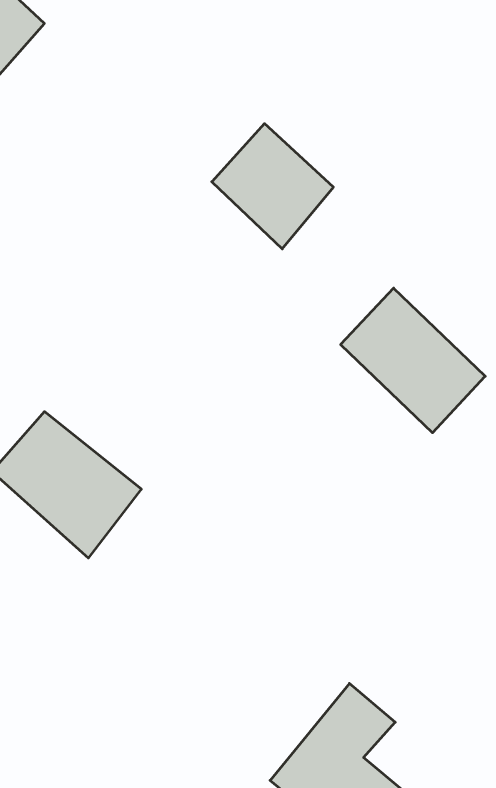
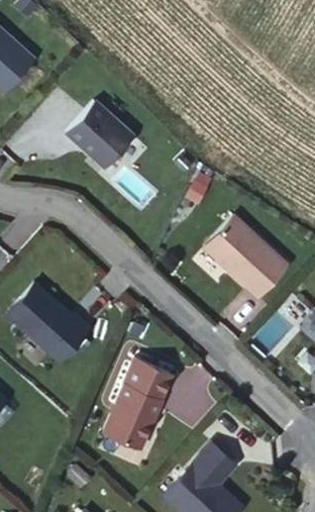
building: [212,124,333,249] -> [65,104,134,176]
building: none -> [104,356,172,448]

